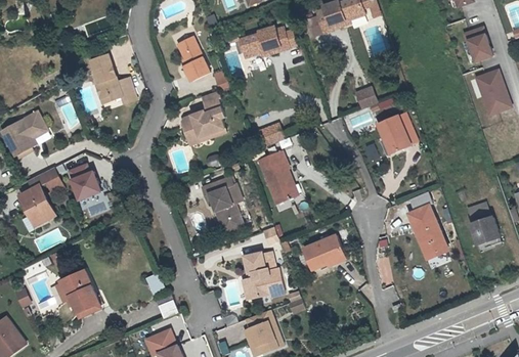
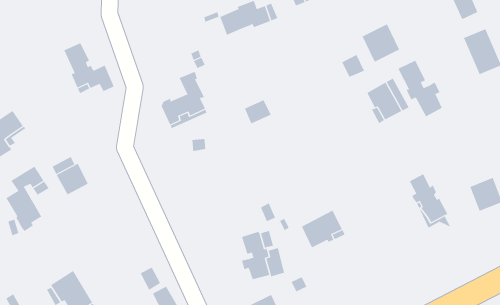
building: [176,35,208,79] -> none
building: none -> [362,23,400,63]
building: none -> [398,60,442,117]
building: [261,149,297,202] -> none
building: [204,175,241,219] -> none

